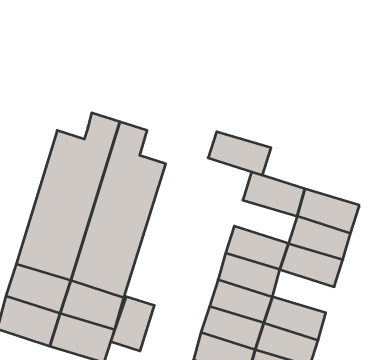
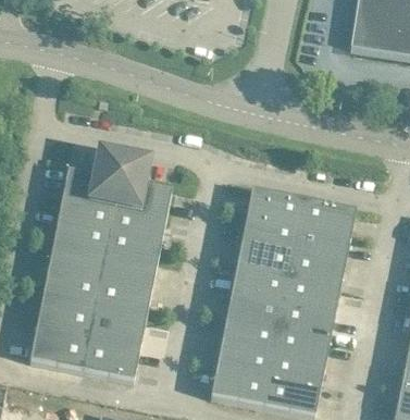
building: [208,132,271,175] -> [241,215,299,251]
building: none -> [284,276,340,312]
building: [111,297,154,351] -> none

